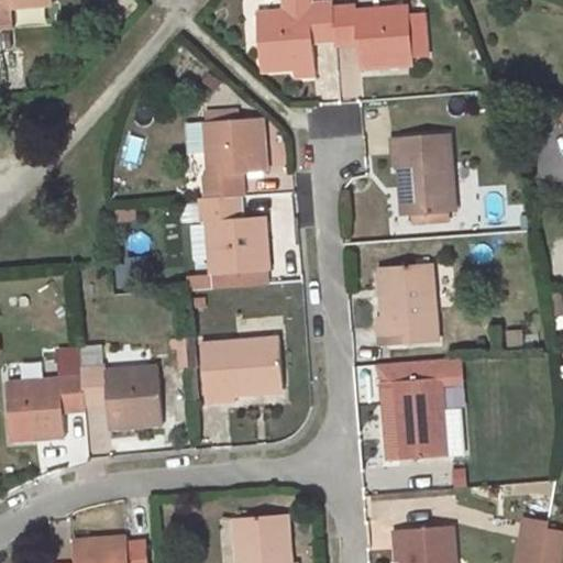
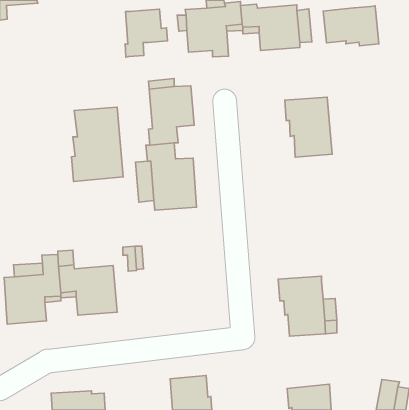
building: none -> [323,6,379,46]
building: none -> [125,9,168,57]
building: none -> [71,107,123,181]
building: [377,263,438,346] -> none
building: [200,338,283,402] -> none
building: [375,357,463,385] -> none

